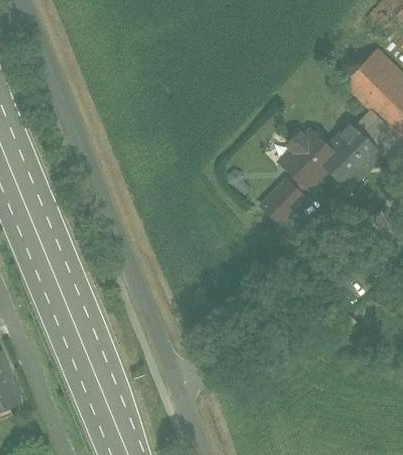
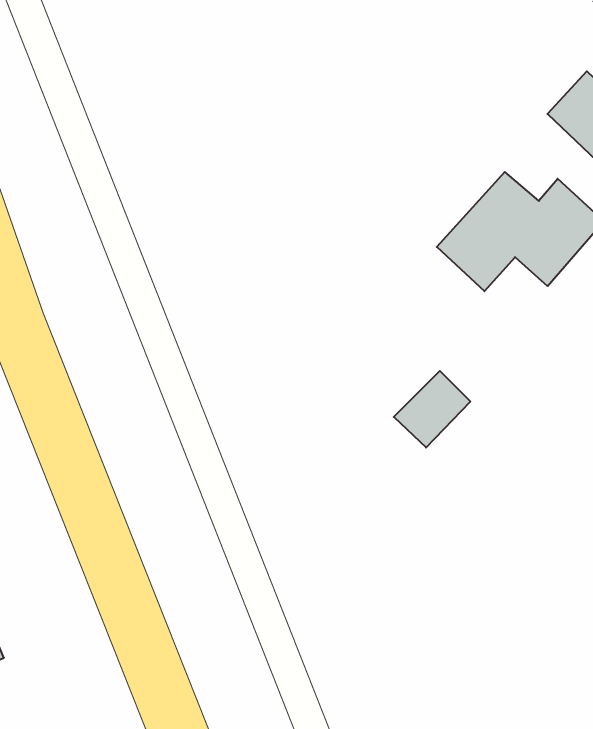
building: [264,177,309,222] -> [394,371,470,448]

